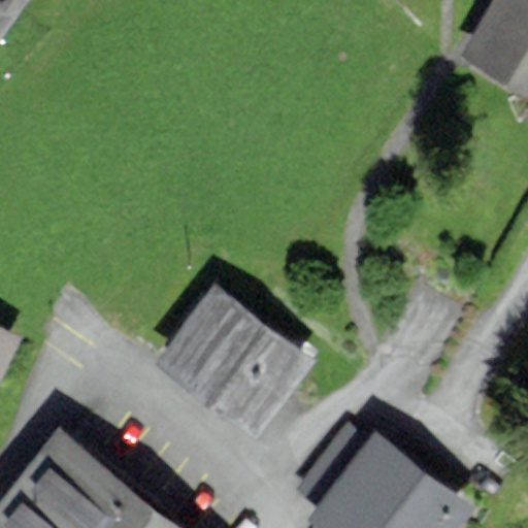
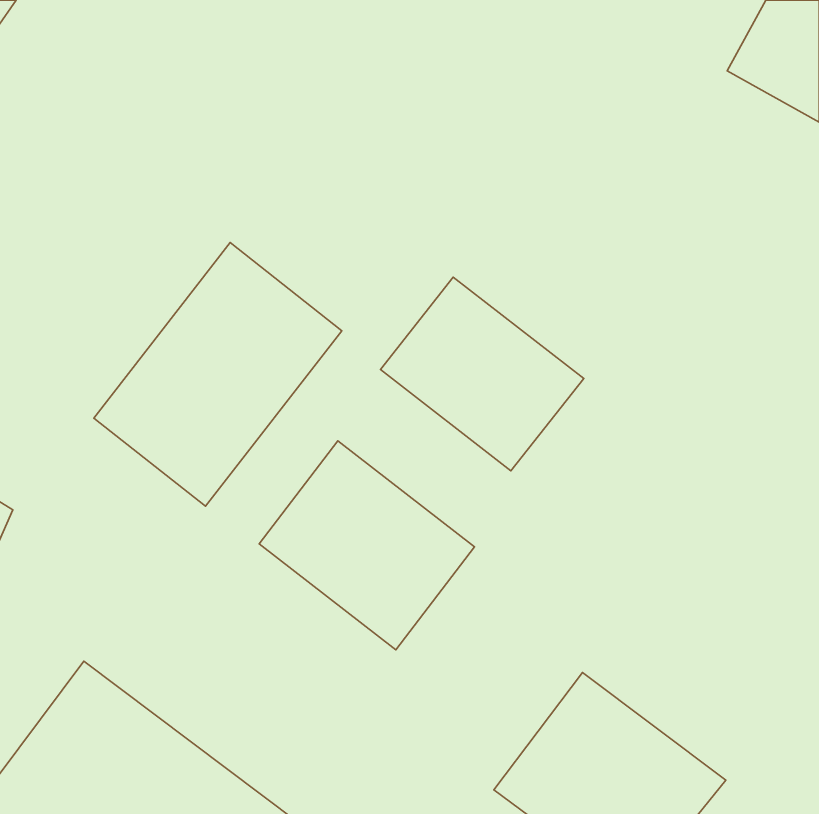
building: none -> [94,243,342,506]
building: none -> [380,277,584,471]

